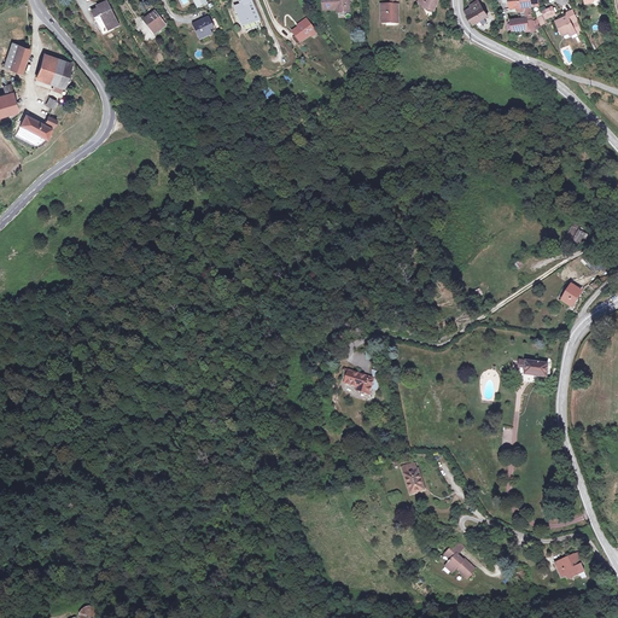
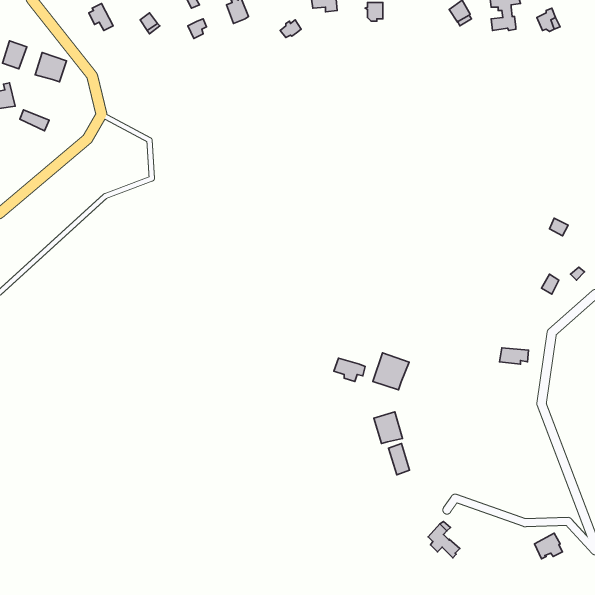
building: none -> [373,353,409,390]
building: none -> [374,412,403,444]

